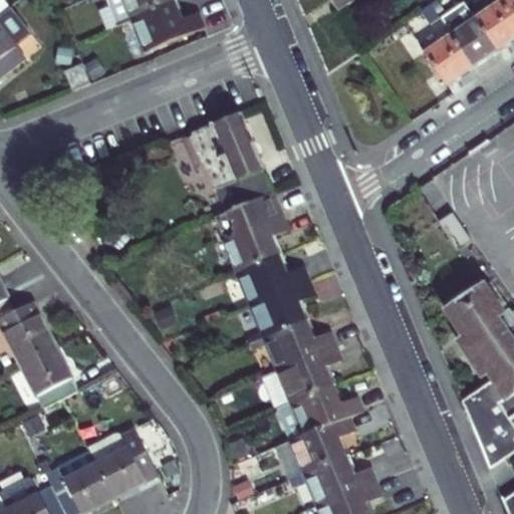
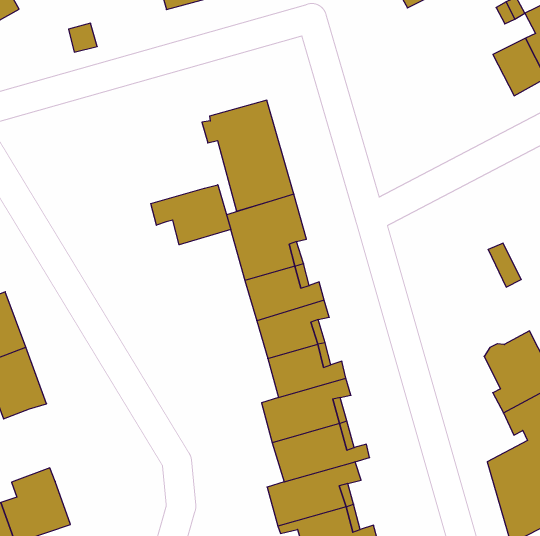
building: none -> [151,185,231,245]
building: [88,428,157,495] -> none

